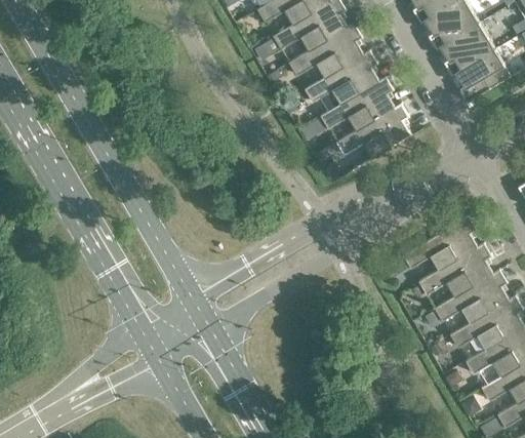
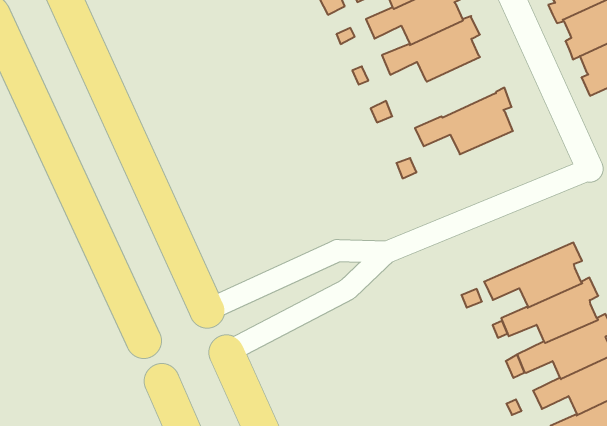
building: [319,76,394,130] -> none

